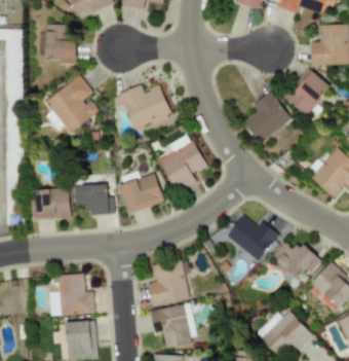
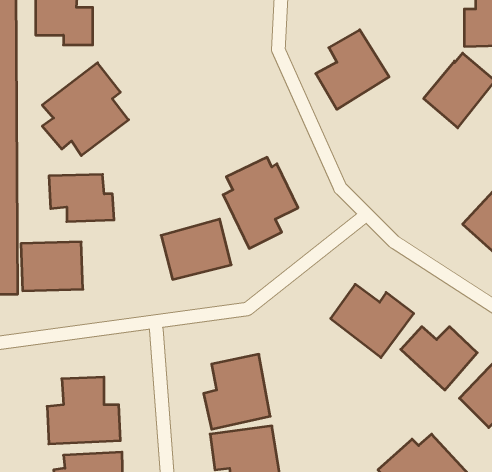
building: [119,84,171,131] -> none
building: [244,92,290,142] -> [316,30,389,109]
building: [74,184,115,214] -> [49,174,114,222]

